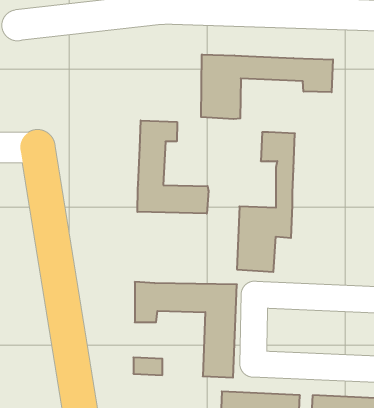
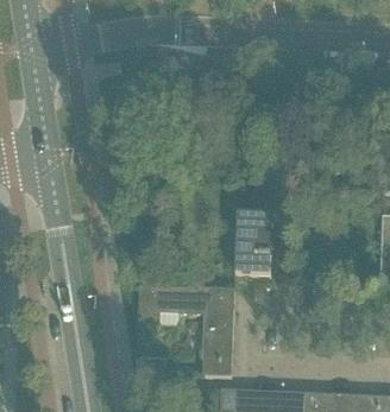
building: [201,54,333,119] -> none
building: [137,120,208,214] -> none

